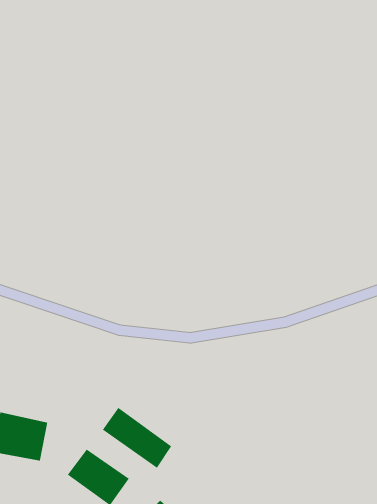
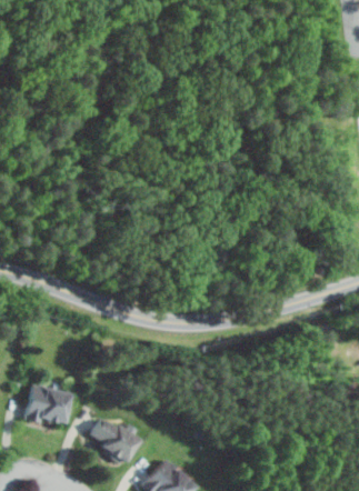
building: [102,407,172,469] -> none

